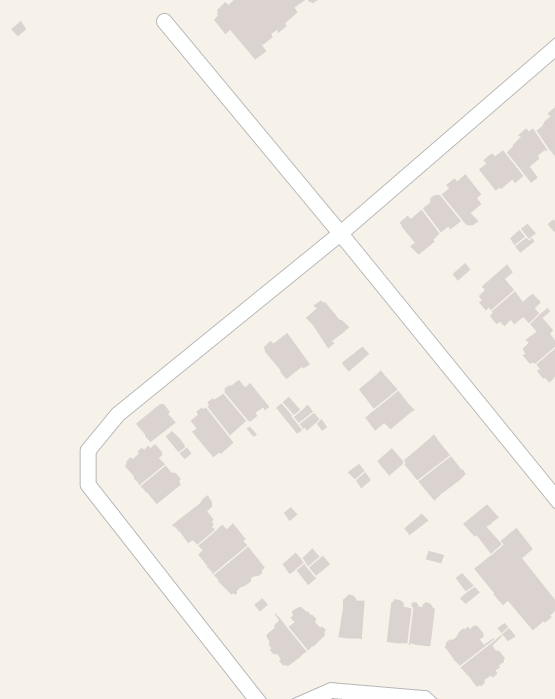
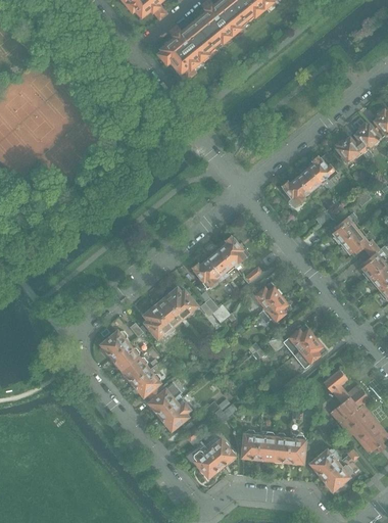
building: none -> [208,248,234,279]
building: [135,404,177,444] -> [123,358,150,384]
building: none -> [257,431,276,461]

